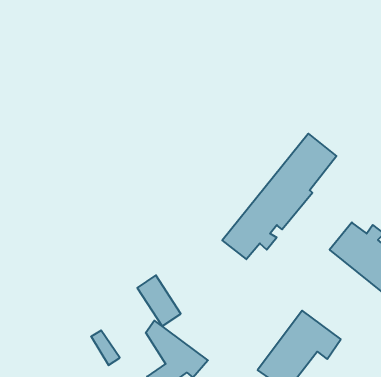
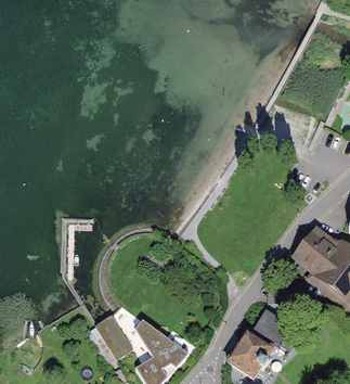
building: [222,134,336,259] -> none
building: [137,275,181,326] -> [96,312,134,357]

